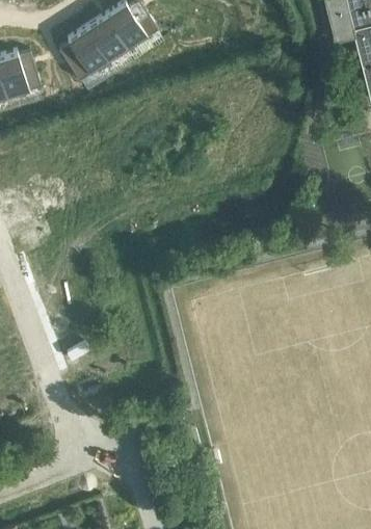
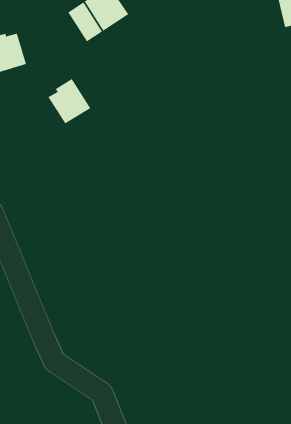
building: [58,27,108,80] -> [48,78,91,124]

